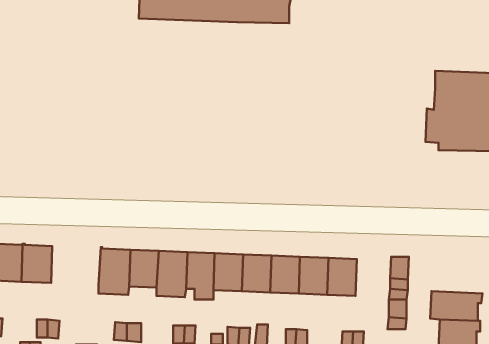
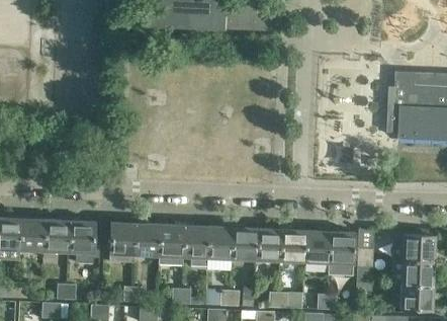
building: none -> [69,222,94,264]
building: none -> [329,233,355,265]
building: none -> [393,235,437,262]

